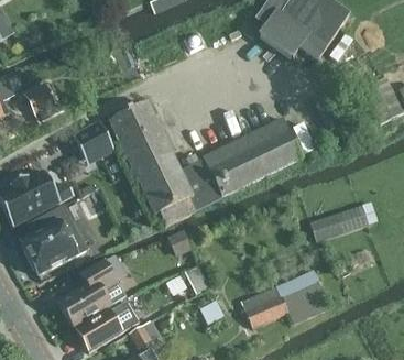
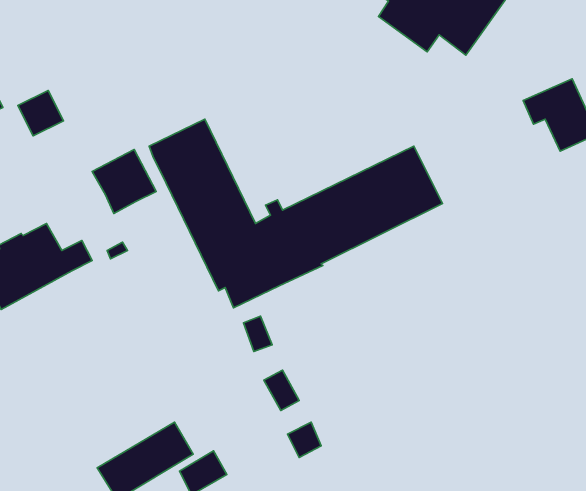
building: [21,205,87,275] -> none
building: [310,205,368,242] -> none
building: [58,260,125,327] -> none
building: [241,270,329,327] -> none

